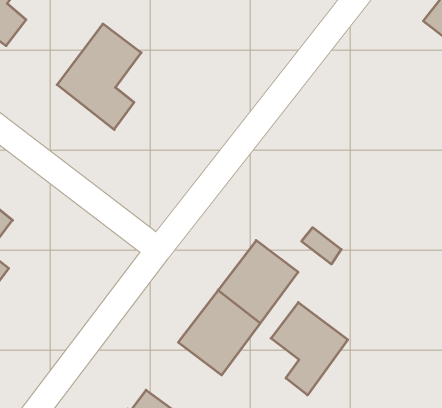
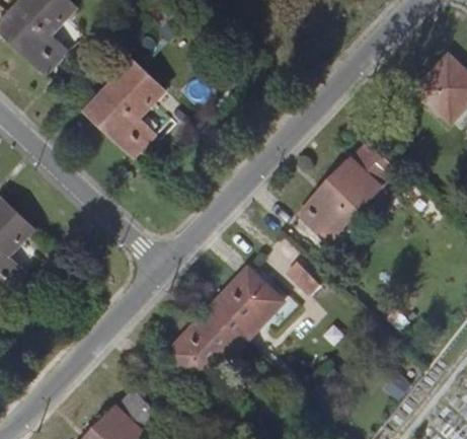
building: none -> [300,144,393,237]
building: [271,302,348,395] -> none

